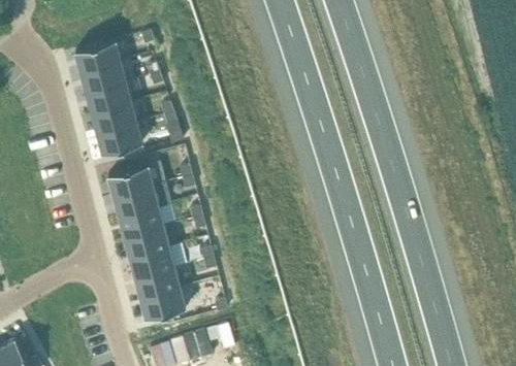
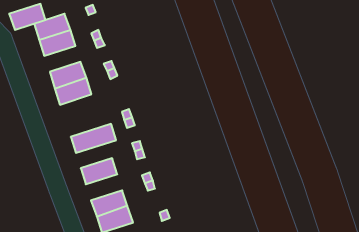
building: [86,81,131,112] -> [9,4,46,30]
building: [107,164,165,196] -> none
building: [119,203,170,236] -> none
building: [129,246,174,277] -> none

